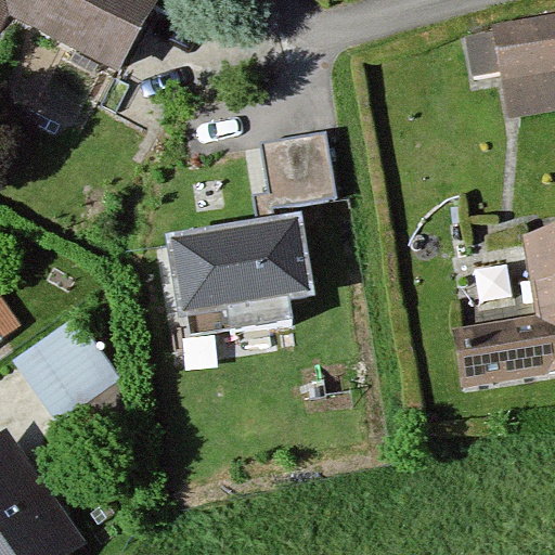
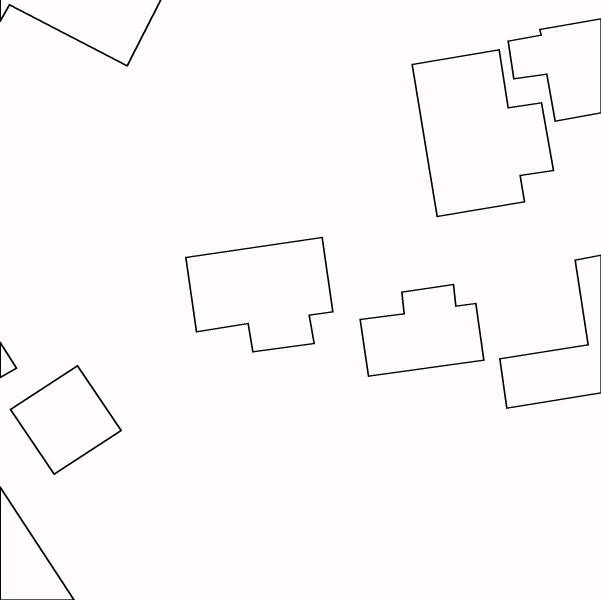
building: none -> [412,50,554,217]
building: [264,132,335,206] -> none
building: none -> [360,284,484,376]

